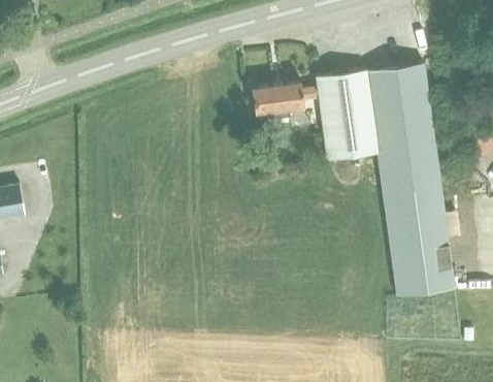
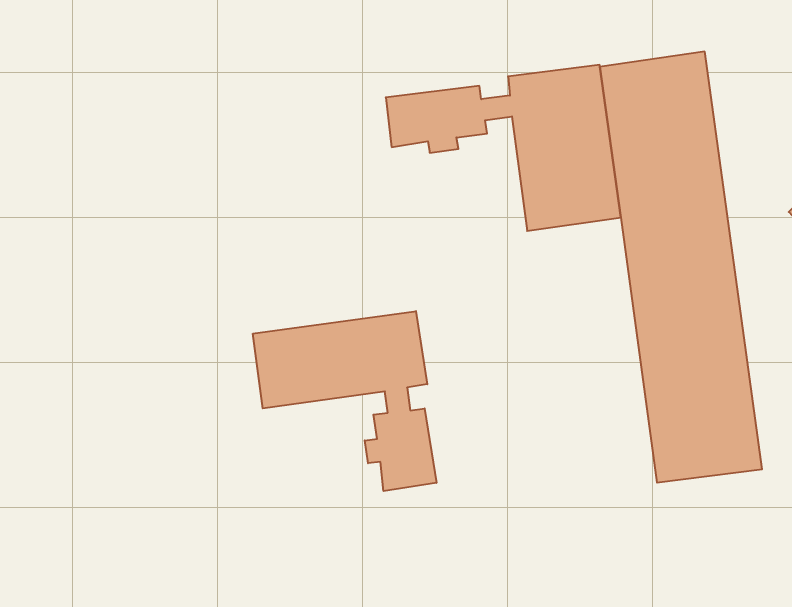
building: none -> [253,311,436,491]

